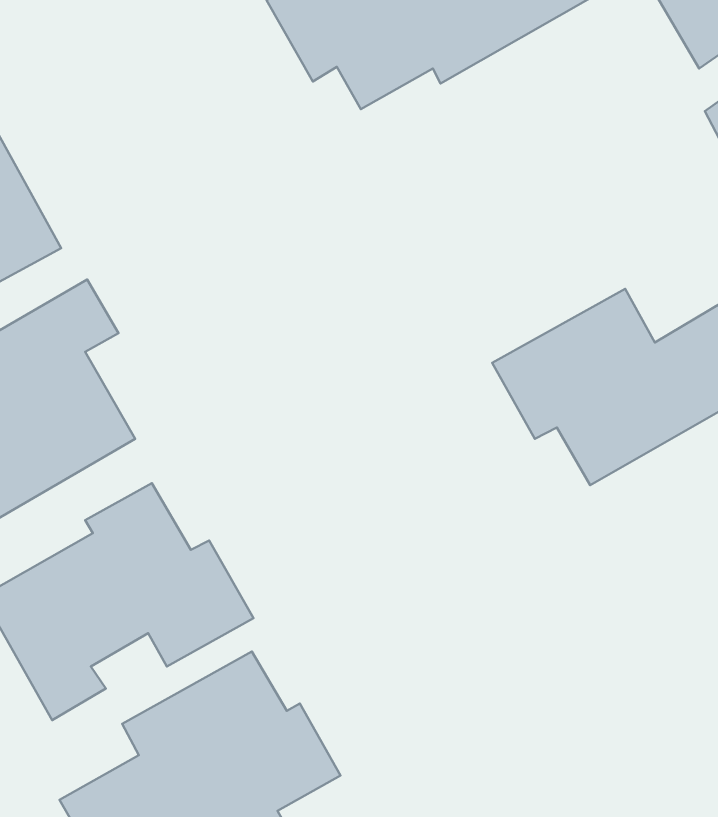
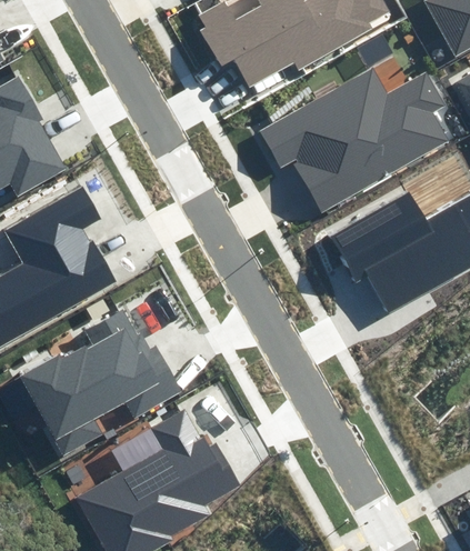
building: none -> [256,61,447,209]

